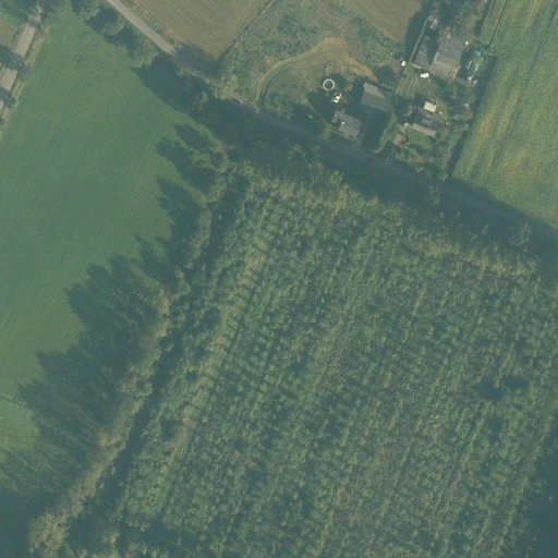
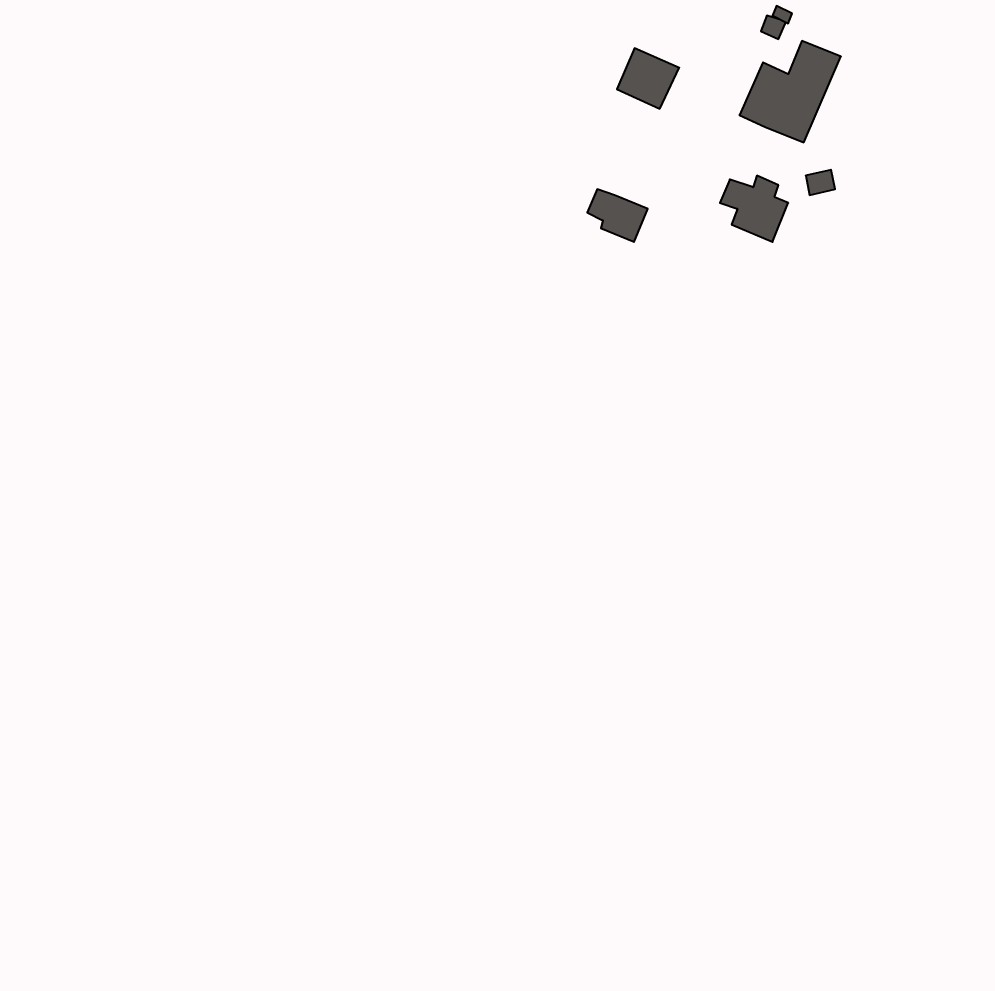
building: [356,84,391,118] -> [617,48,679,109]

